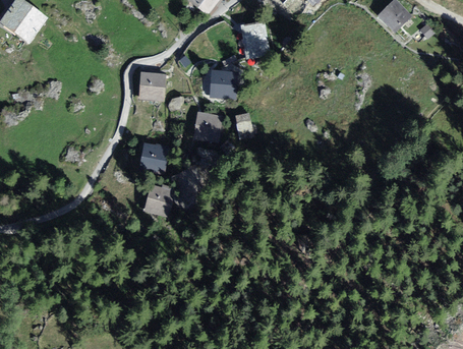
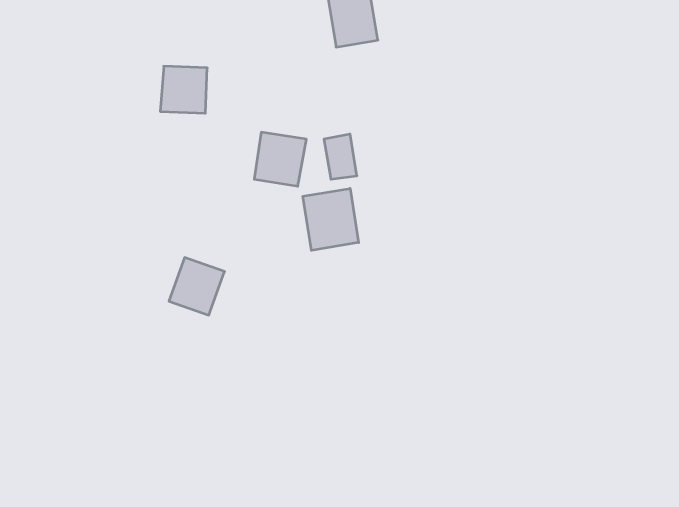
building: [209,68,237,99] -> none
building: none -> [303,188,359,250]
building: [139,144,170,173] -> none

